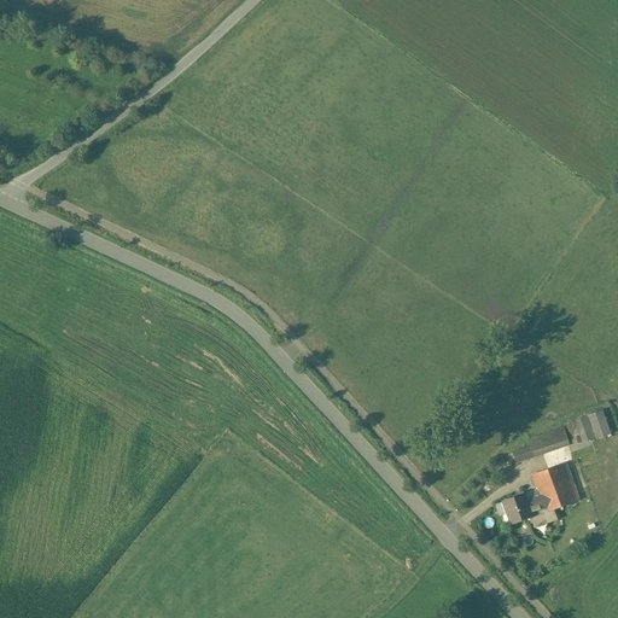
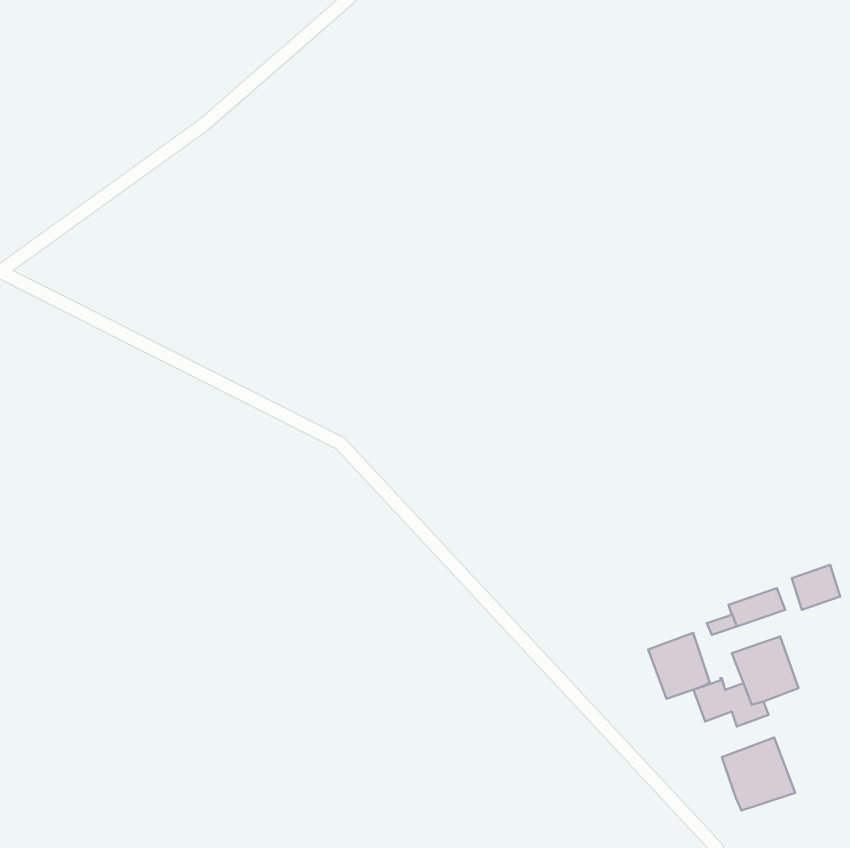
building: none -> [648,633,710,699]
building: none -> [722,738,795,811]

